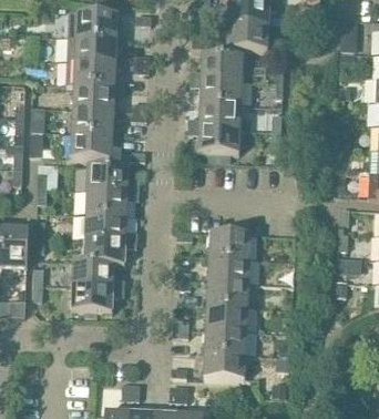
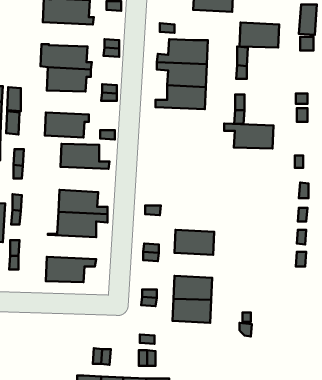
building: [226,21,268,48] -> [239,22,279,48]
building: [66,34,121,60] -> none
building: [71,106,116,132] -> none
building: [187,124,239,151] -> [224,123,273,149]
building: [85,187,137,214] -> none
building: [208,229,250,256] -> none
building: [72,259,124,285] -> none
building: [207,278,248,305] -> none
building: [204,350,245,377] -> none

